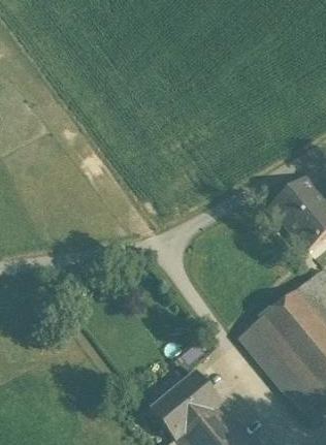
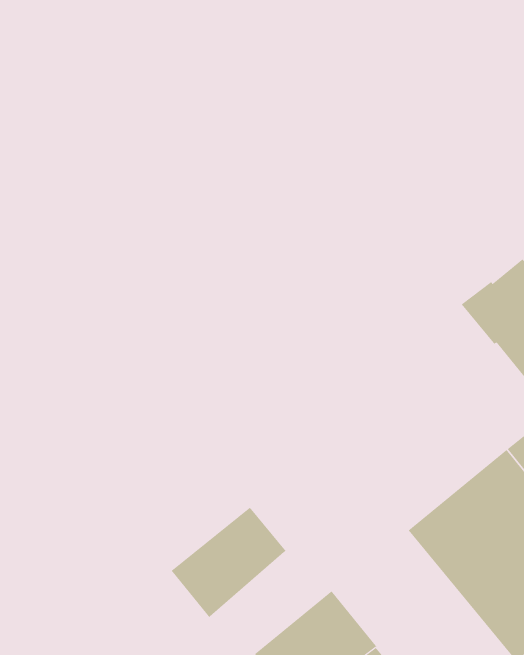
building: none -> [171,507,287,619]

